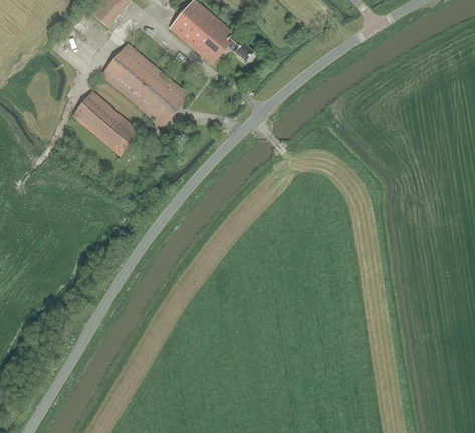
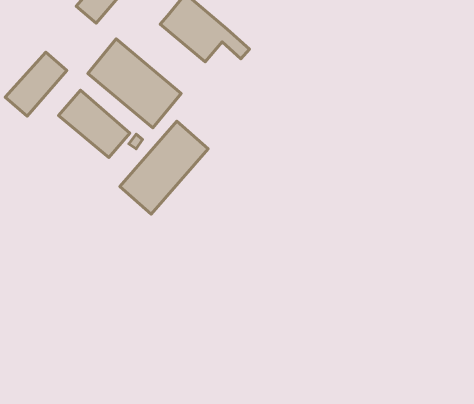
building: none -> [5,52,67,116]
building: none -> [120,121,208,214]

